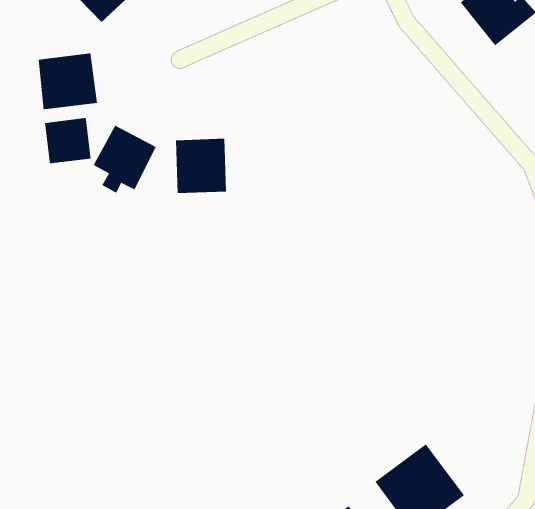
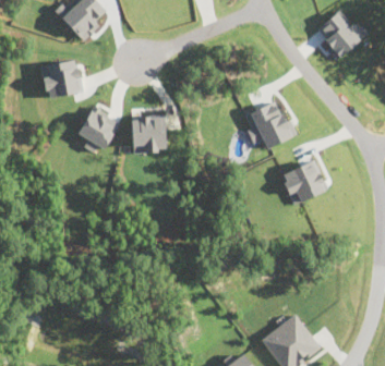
building: none -> [245,101,298,148]
building: [44,117,91,164] -> none
building: none -> [281,159,327,204]

